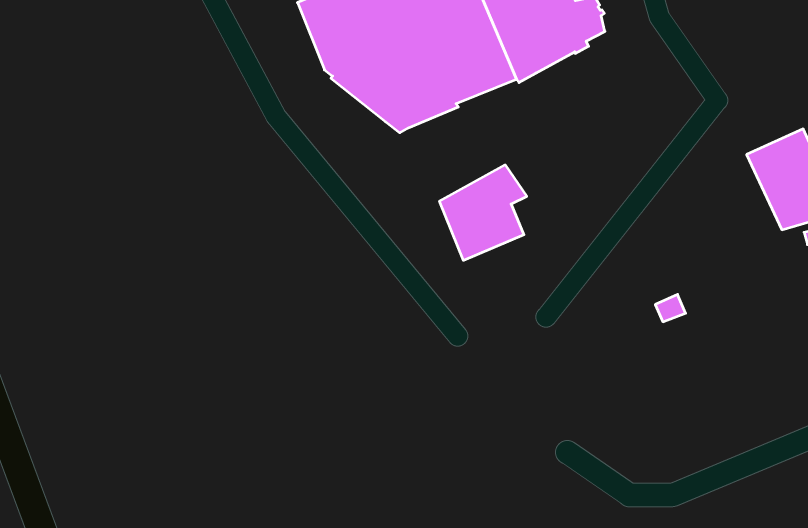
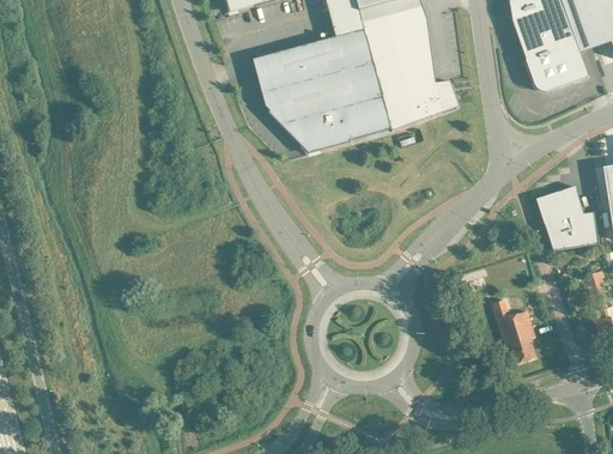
building: [440,165,527,260] -> none
building: none -> [492,297,536,361]

